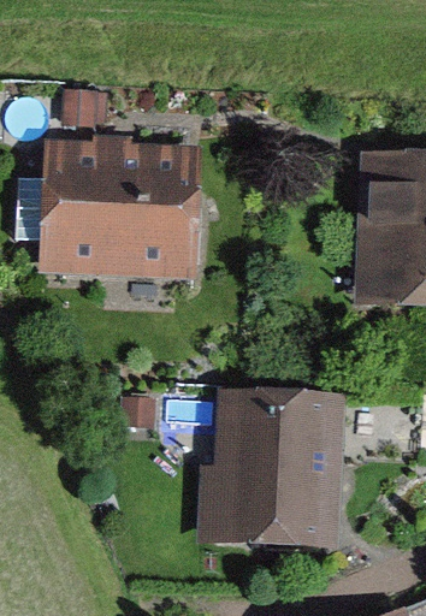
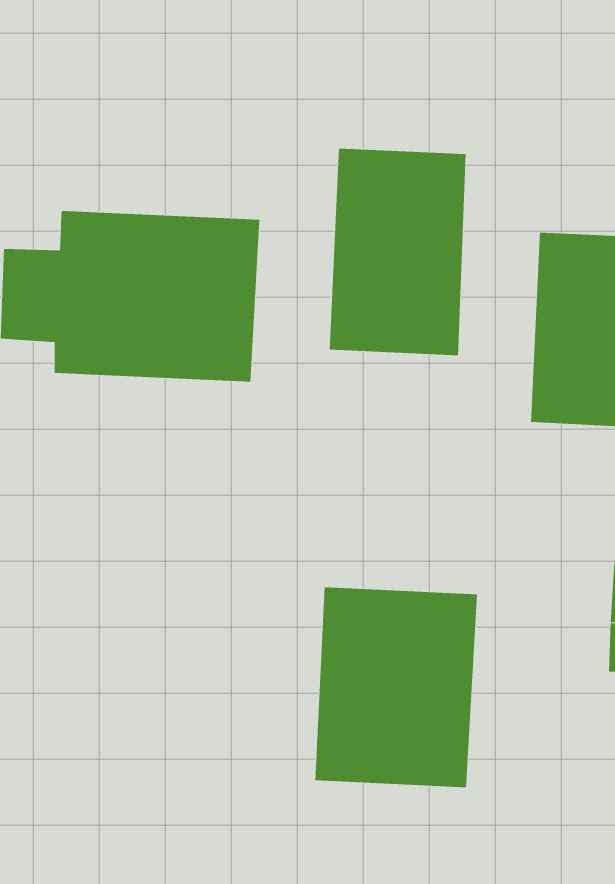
building: none -> [329,148,466,356]

